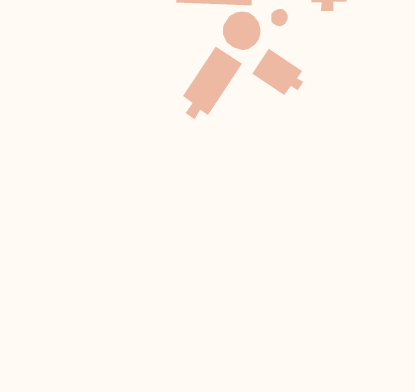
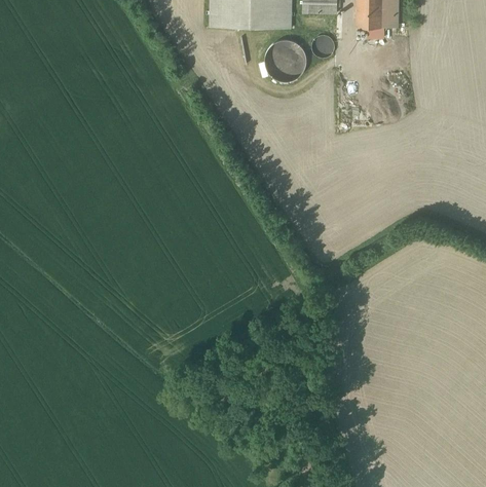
building: [182,45,243,120] -> none
building: [251,47,305,96] -> none

